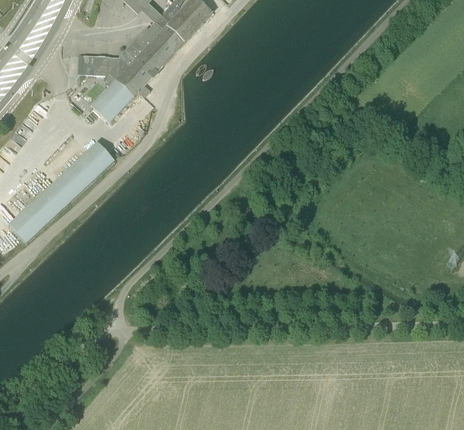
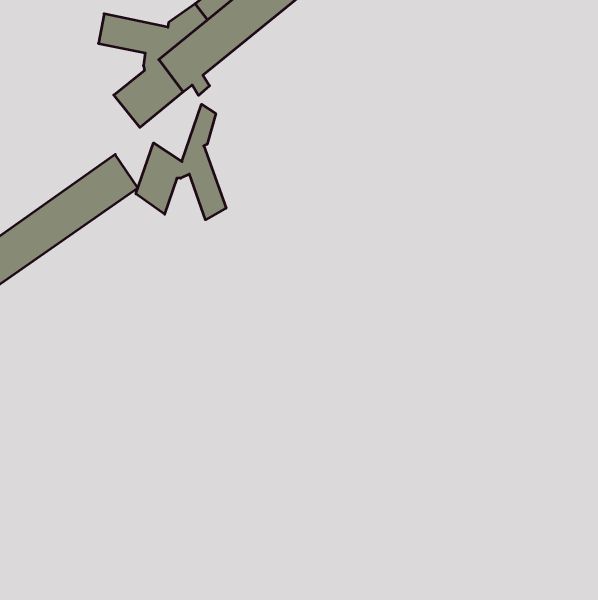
building: none -> [136,104,226,220]

